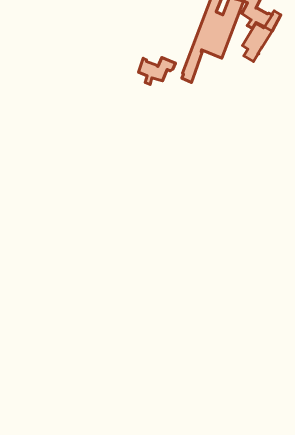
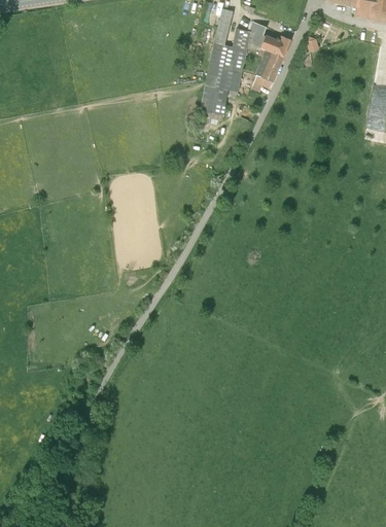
building: [139,58,175,84] -> none

